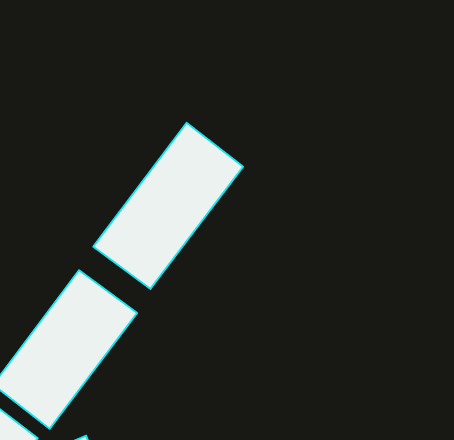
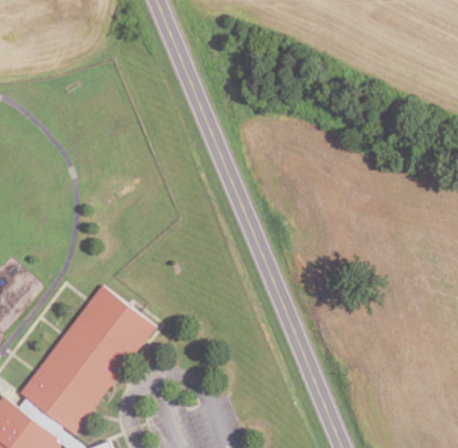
building: [93,123,243,289] -> none

